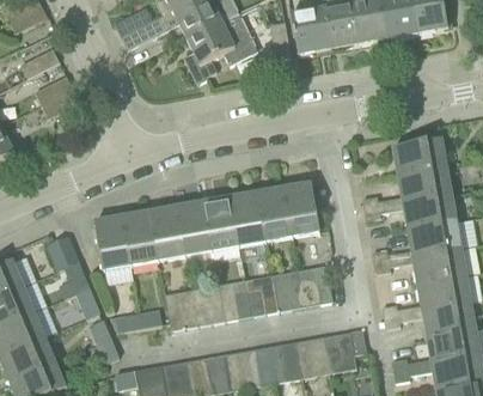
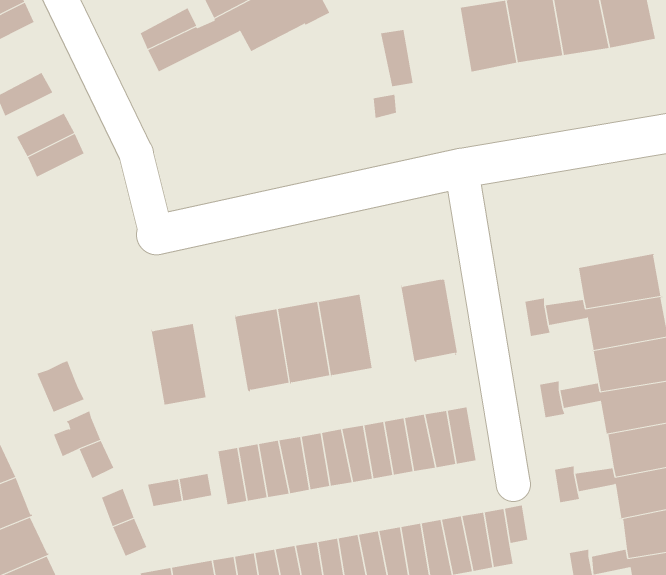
building: [292,7,329,54] -> none
building: [183,11,257,84] -> none
building: [392,139,448,176] -> none
building: [257,188,292,242] -> none
building: [149,207,184,261] -> none
building: [94,217,130,270] -> none

